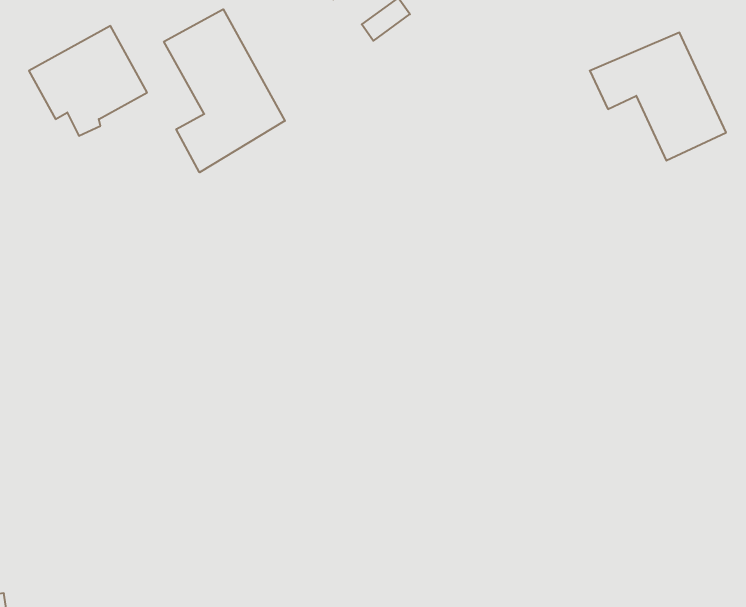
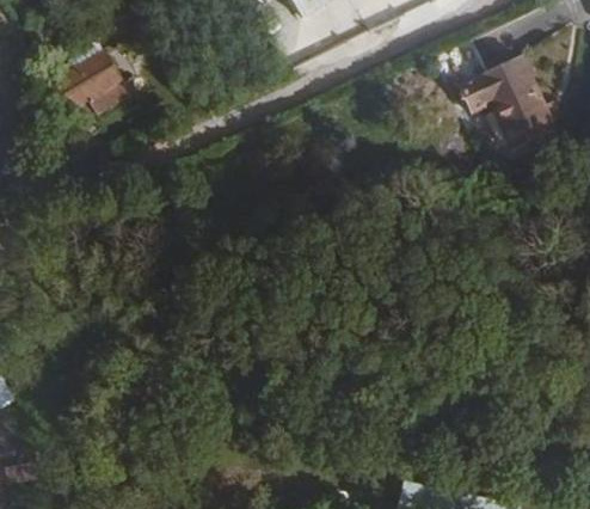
building: [164,9,285,172] -> none

